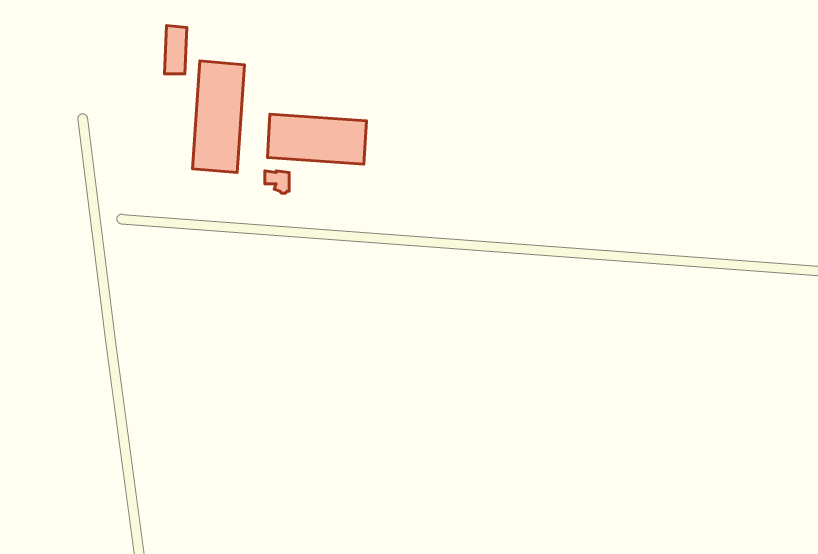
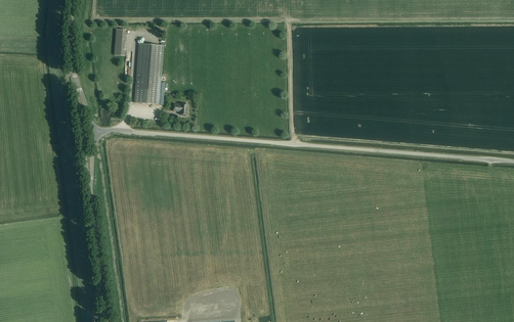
building: [268,114,366,164] -> none

